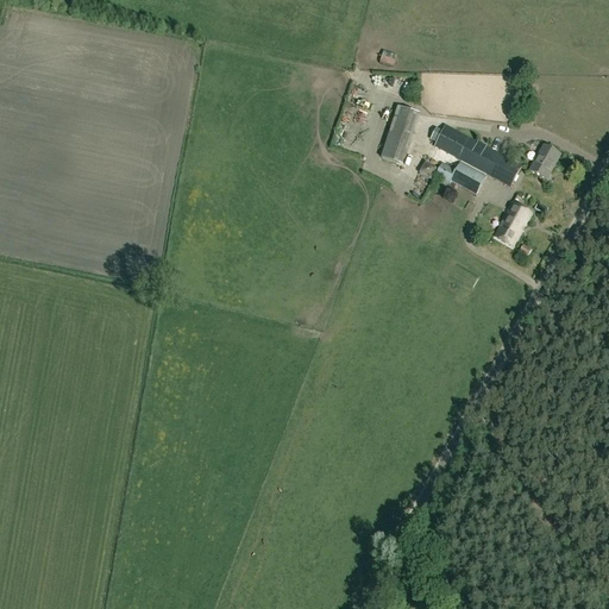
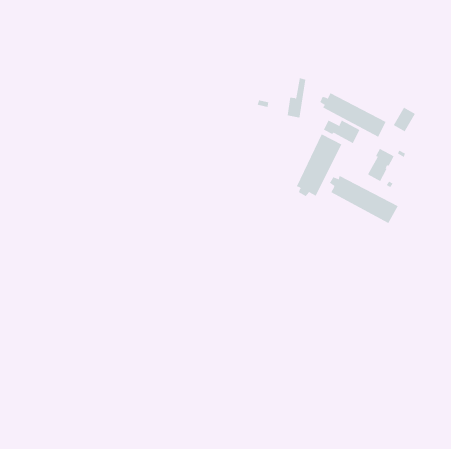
building: none -> [296,134,342,197]
building: none -> [329,175,399,224]

